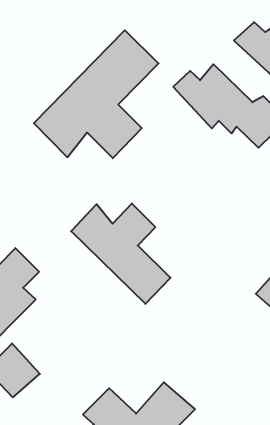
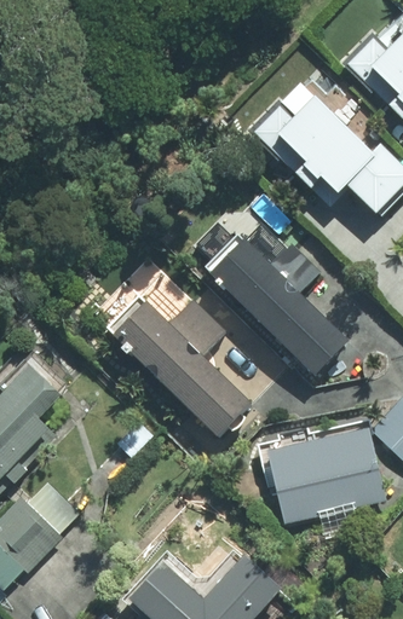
building: [34,30,159,158] -> none
building: none -> [205,230,351,376]
building: none -> [261,422,386,522]

